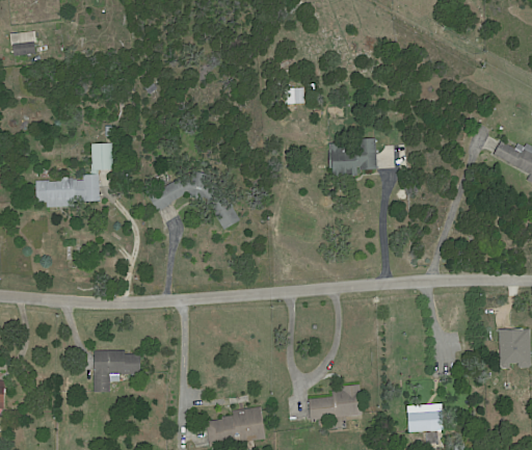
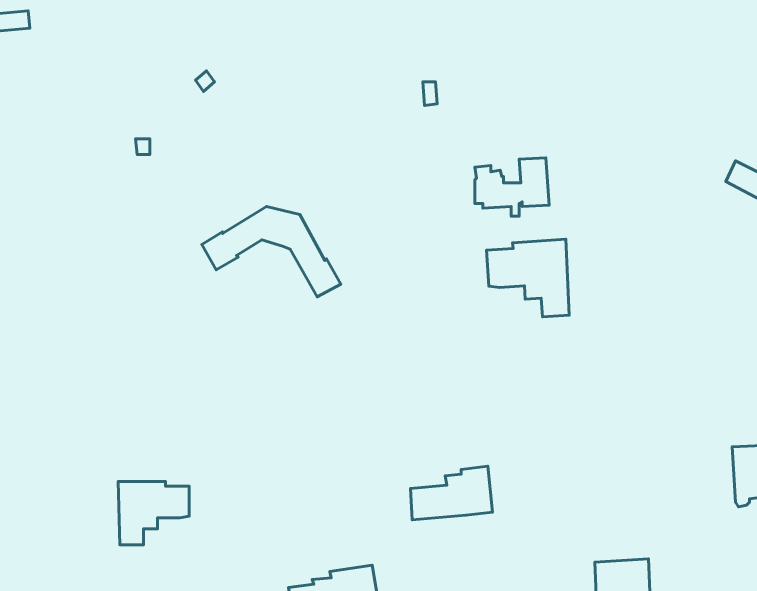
building: [36,143,113,208] -> none
building: none -> [486,239,569,317]
building: [309,383,363,419] -> [411,466,493,520]

